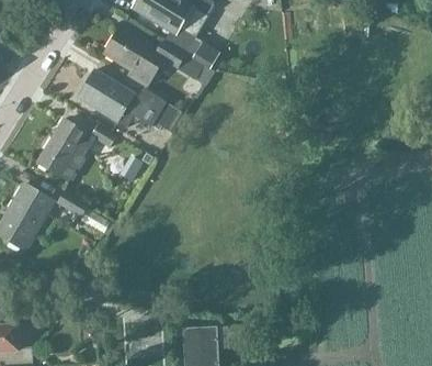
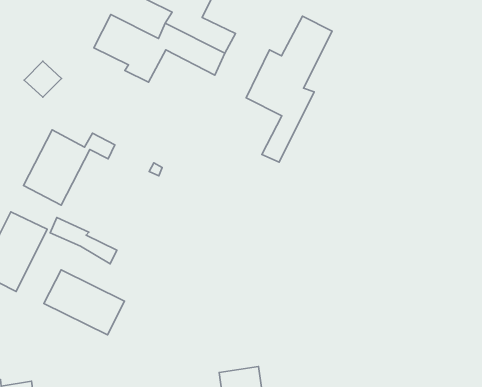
building: none -> [246,16,332,162]
building: [77,68,181,131] -> none
building: none -> [44,270,124,335]

